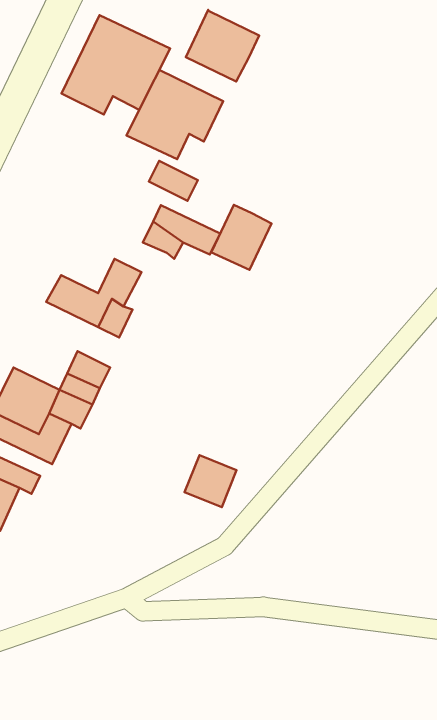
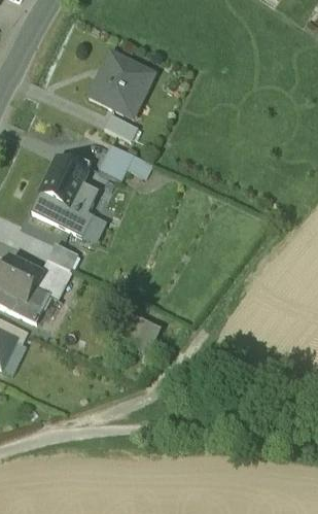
building: [186,10,259,82] -> none
building: [61,15,170,115] -> none
building: [211,205,271,270] -> none
building: none -> [42,157,90,204]

